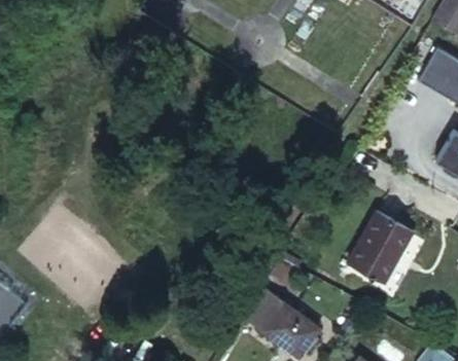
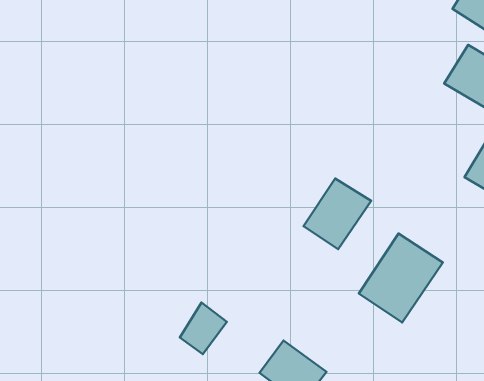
building: none -> [303,178,371,249]
building: [244,286,284,330] -> [180,303,227,354]

